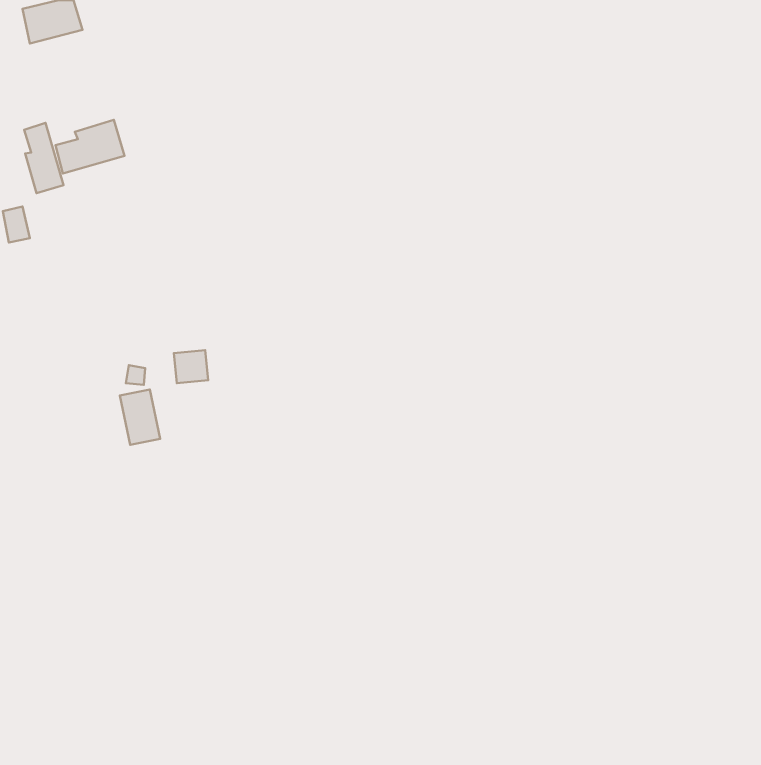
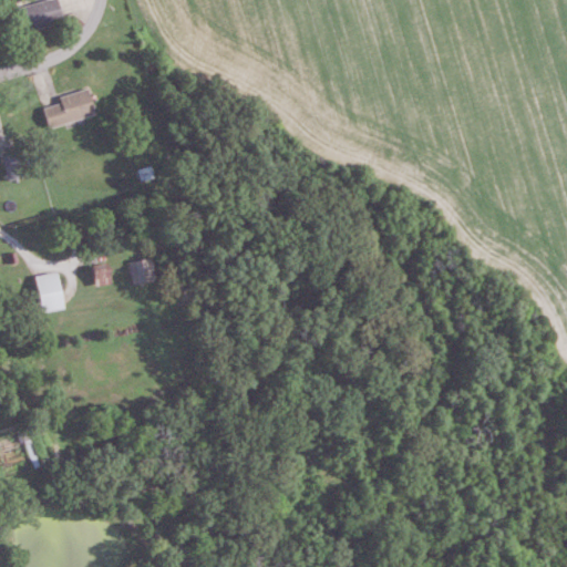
building: [24,123,64,193] -> none
building: [120,389,160,445] -> [35,272,65,313]

